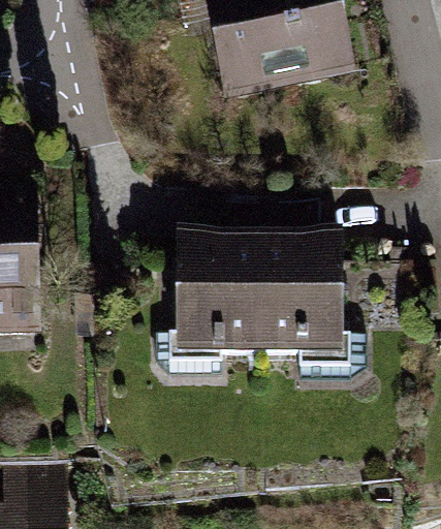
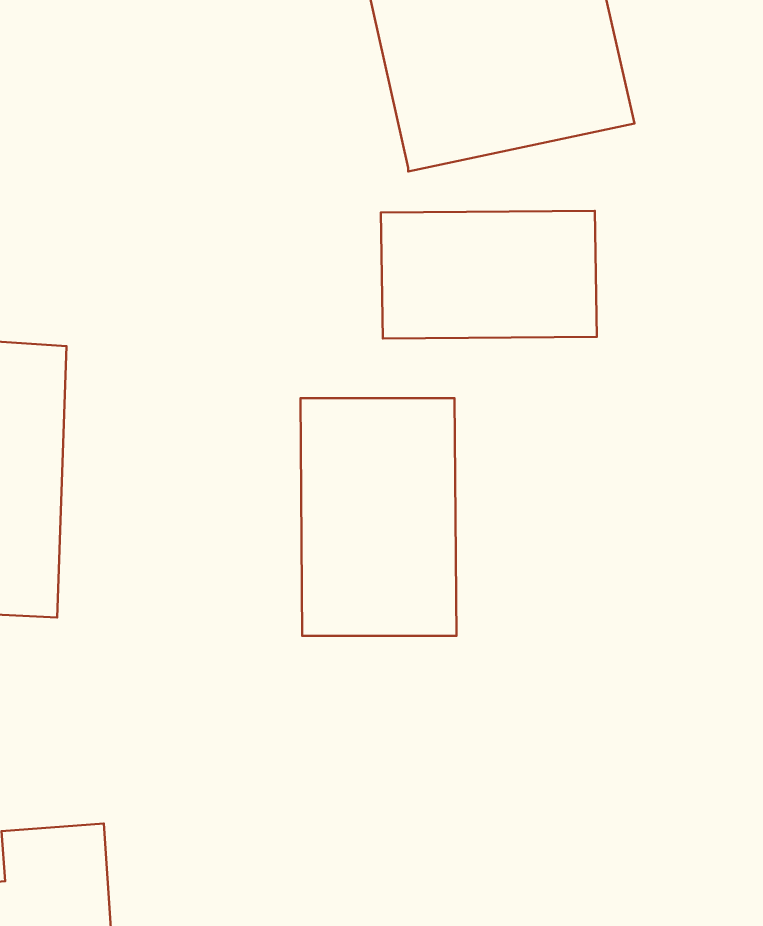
building: none -> [381,211,597,339]
building: [258,223,345,356] -> none

